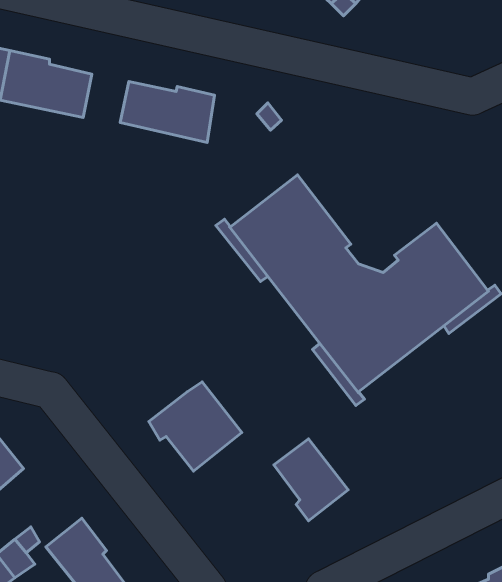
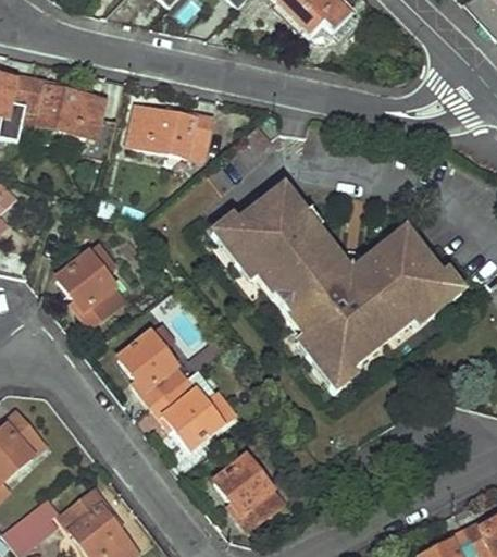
building: none -> [61,245,125,327]
building: none -> [122,333,186,404]
building: [274,439,348,521] -> [216,456,282,528]

